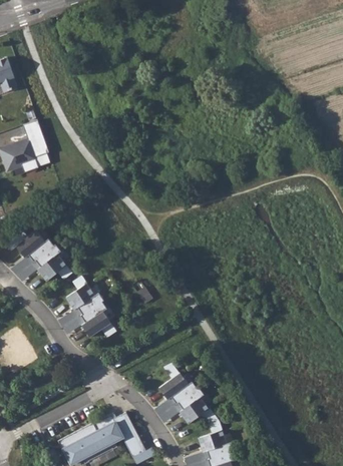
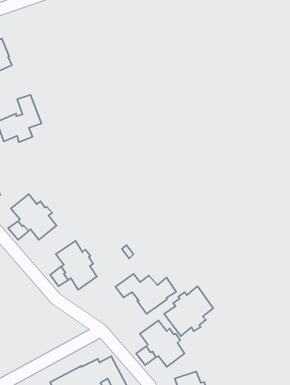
building: none -> [115,274,176,314]
building: none -> [164,286,213,336]

